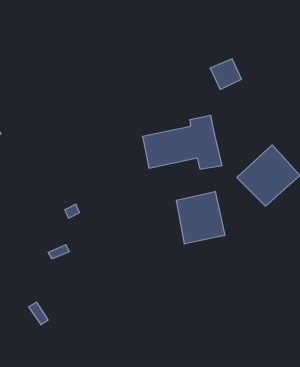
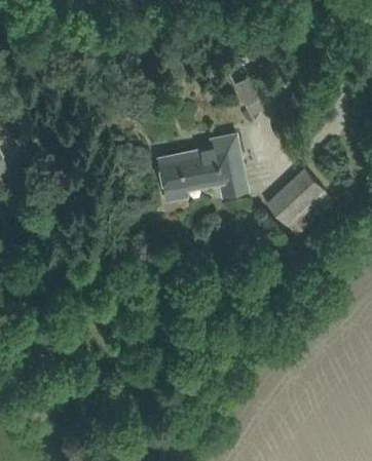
building: [177,191,225,244] -> none

